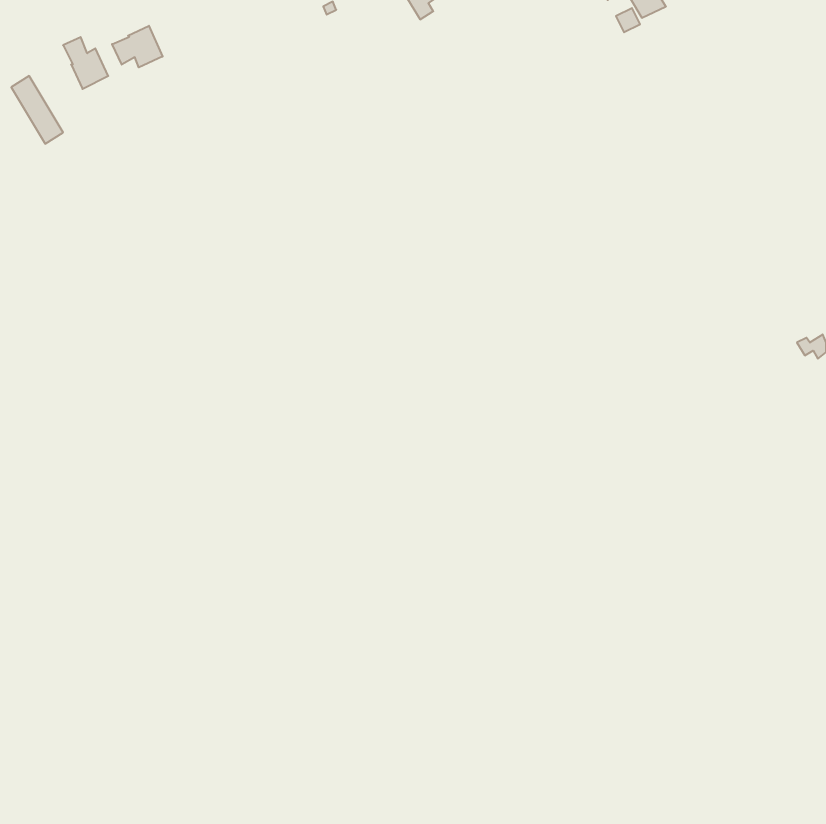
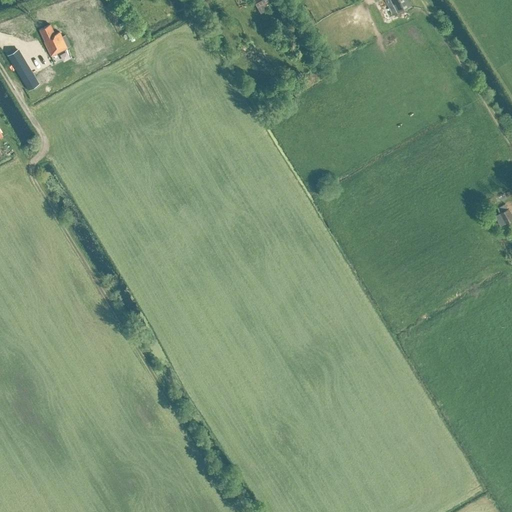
building: [112,26,163,67] -> none

